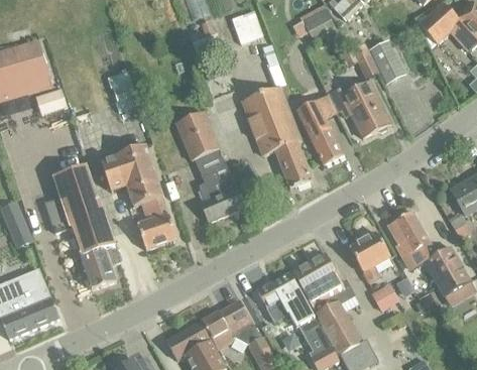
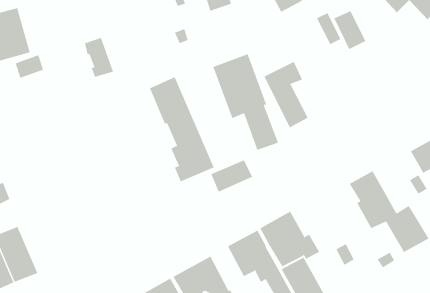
building: [329,82,390,137] -> none
building: [101,144,175,248] -> none
building: [43,165,118,288] -> none
building: none -> [211,159,253,193]
building: [349,232,390,282] -> none

